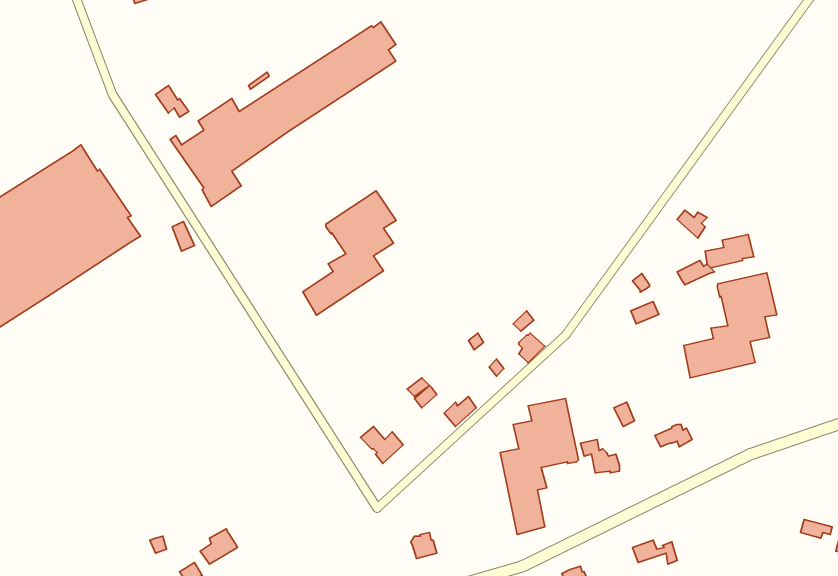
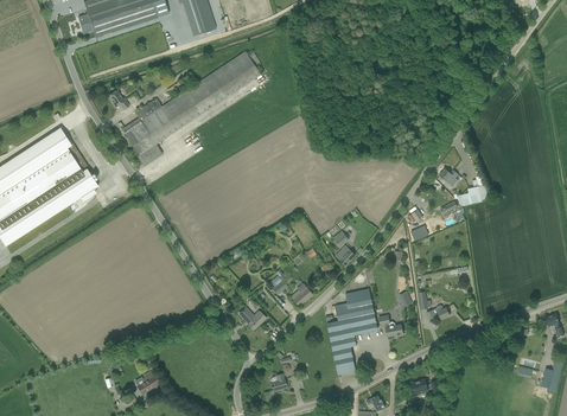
building: [303,191,396,315] -> none
building: [684,273,777,378] -> none

